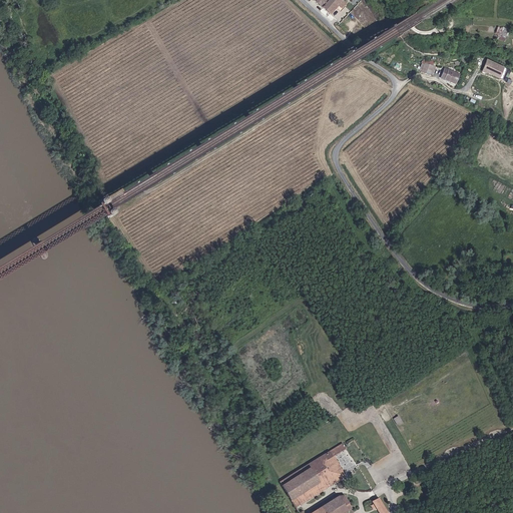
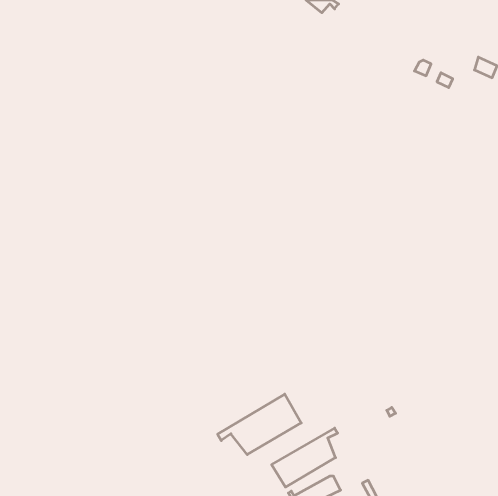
building: none -> [218,394,301,455]

